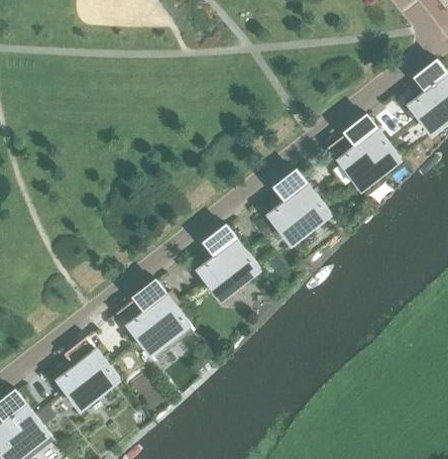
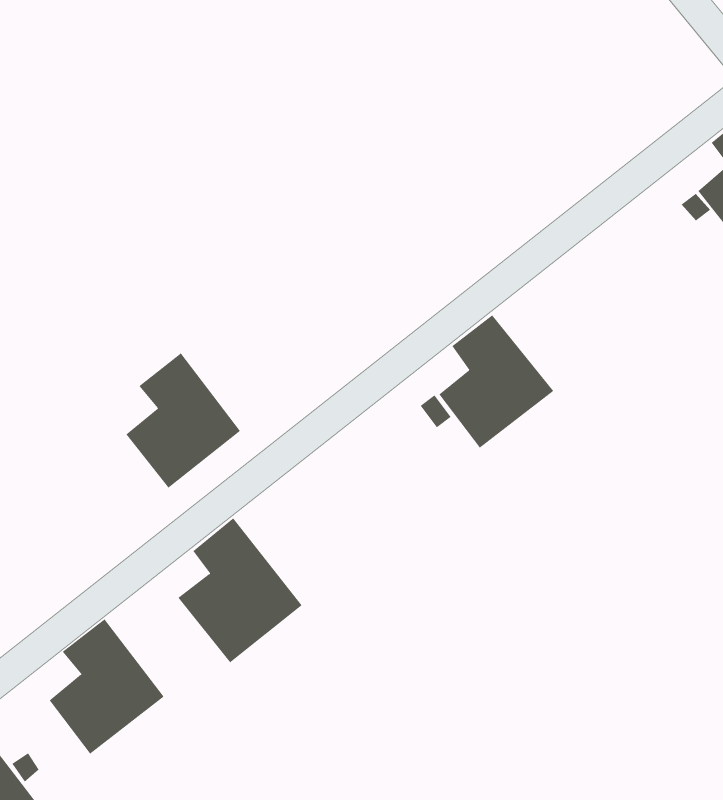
building: [336,116,399,189] -> none
building: [196,226,258,300] -> [125,353,241,489]

